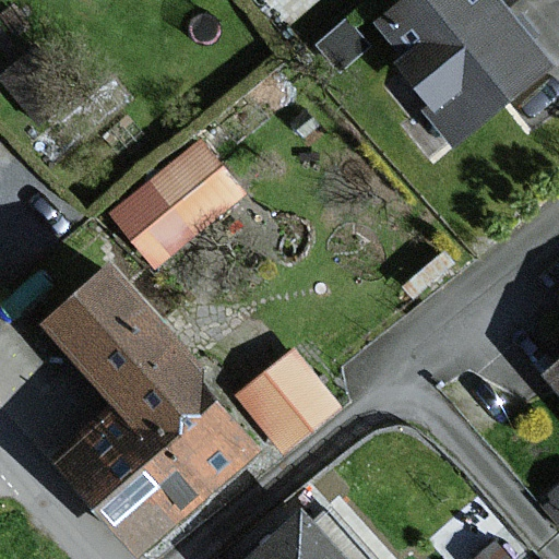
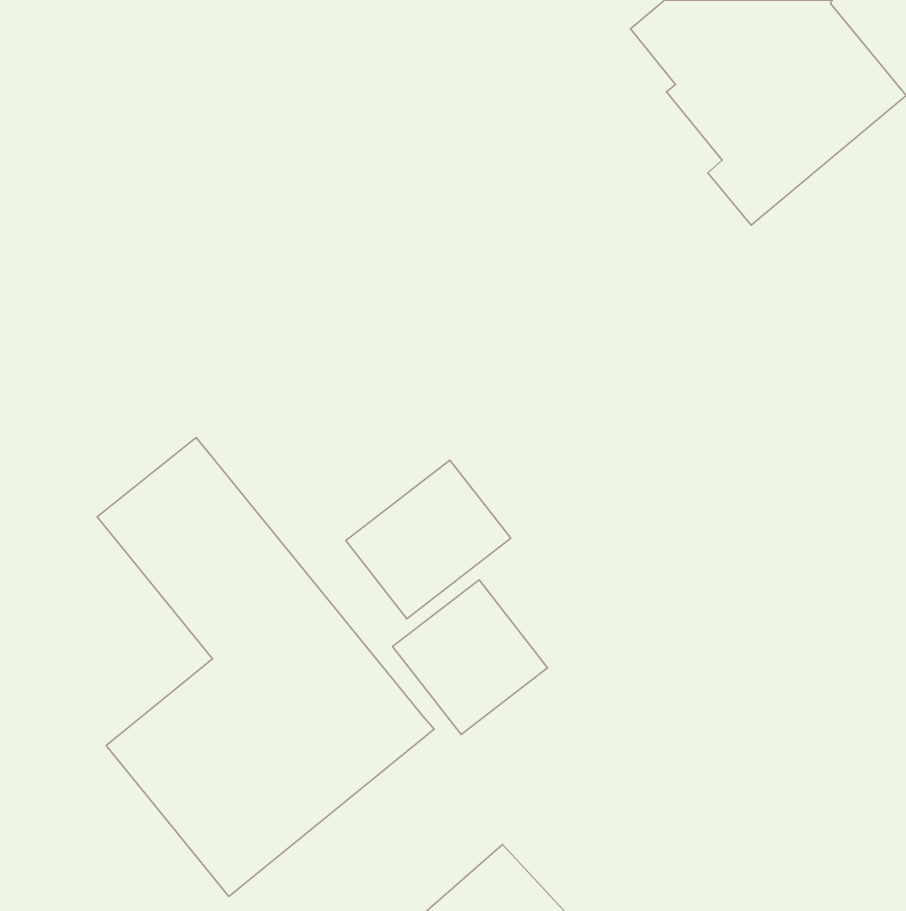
building: [106,143,238,269] -> none
building: none -> [346,460,511,619]

